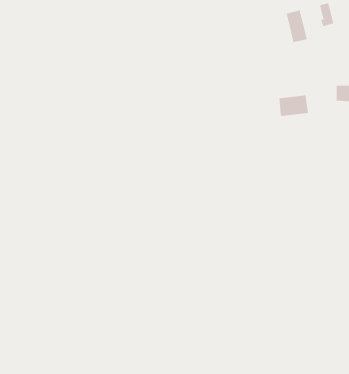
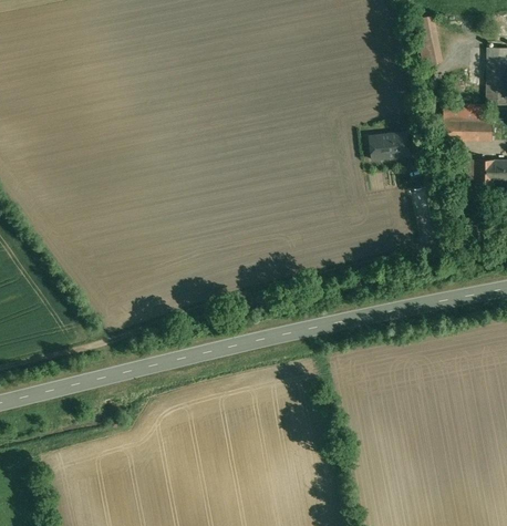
building: [286,9,307,43] -> none

